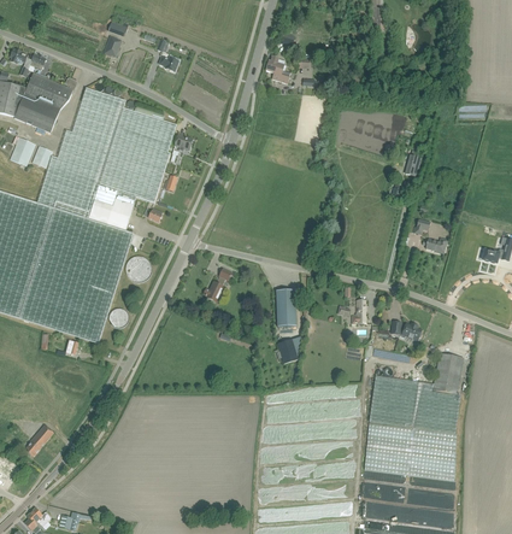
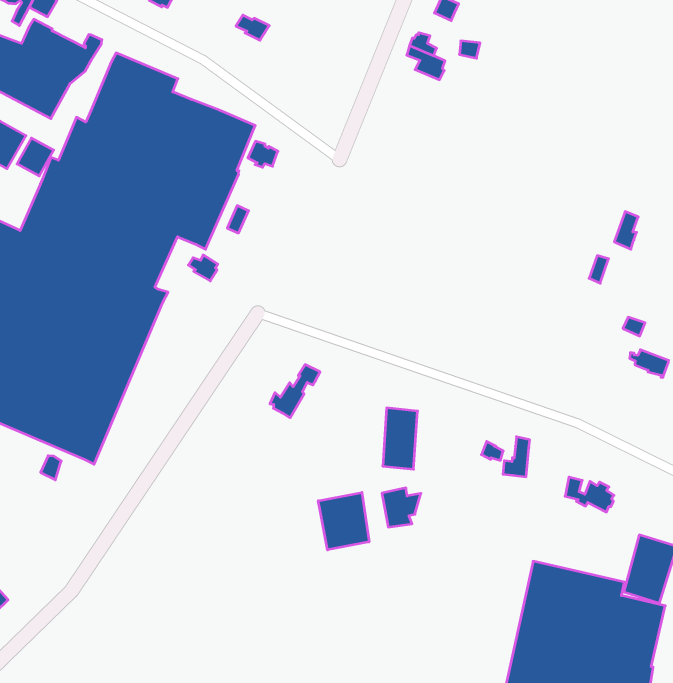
building: none -> [318,492,369,550]

